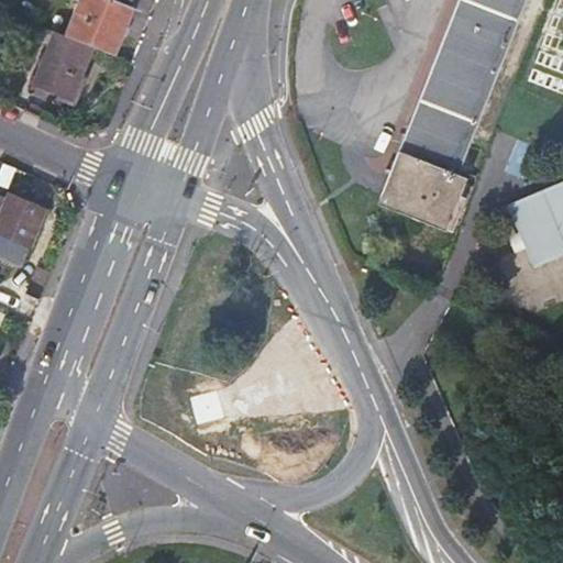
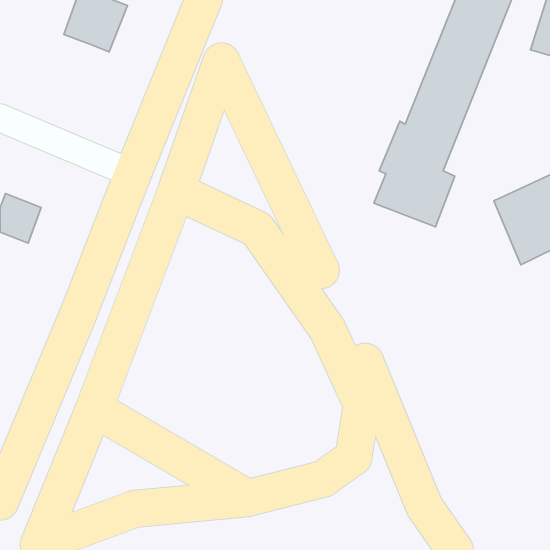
building: [35,31,93,98] -> none

